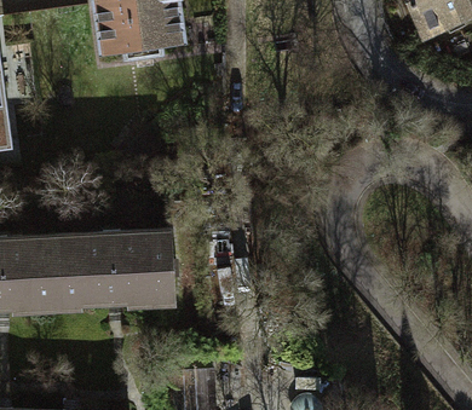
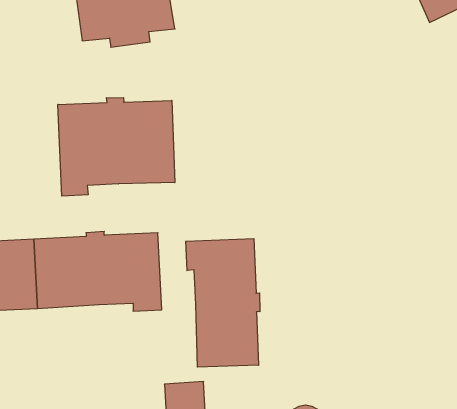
building: none -> [58,98,175,196]
building: none -> [186,239,260,367]

